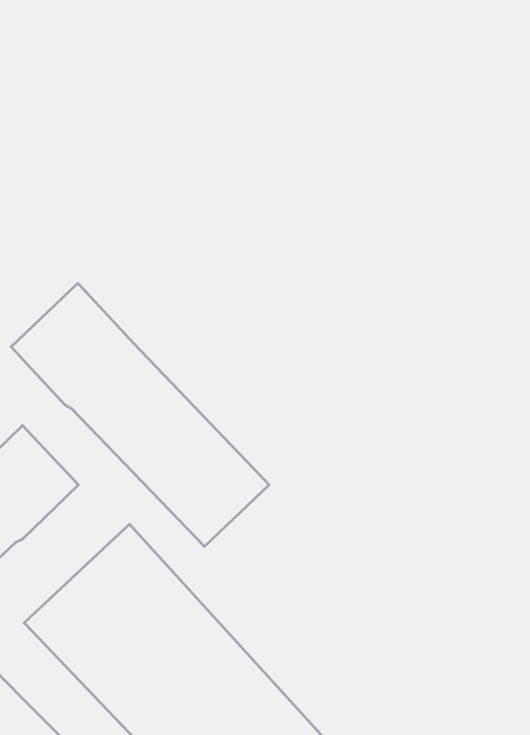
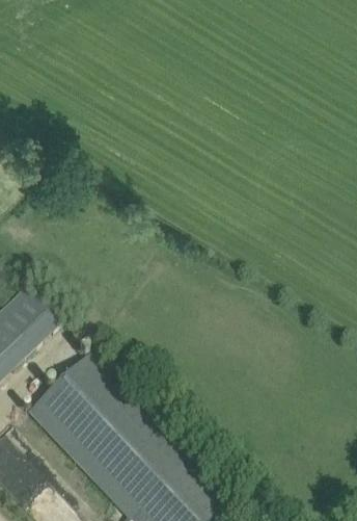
building: [11,283,269,547] -> none

